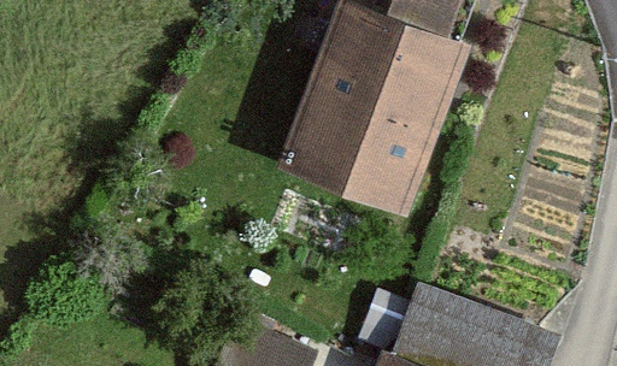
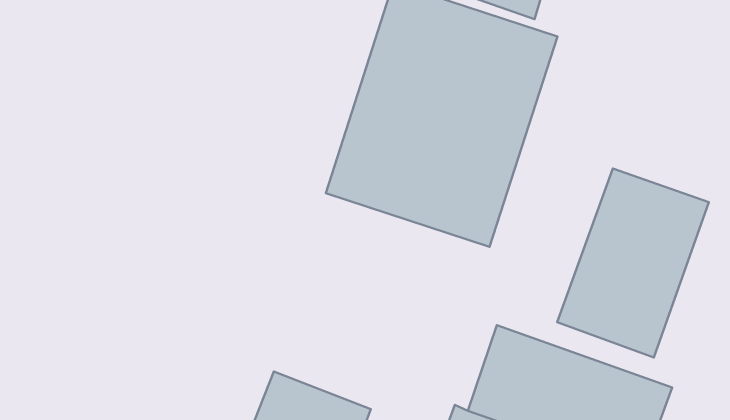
building: none -> [557,169,709,358]

